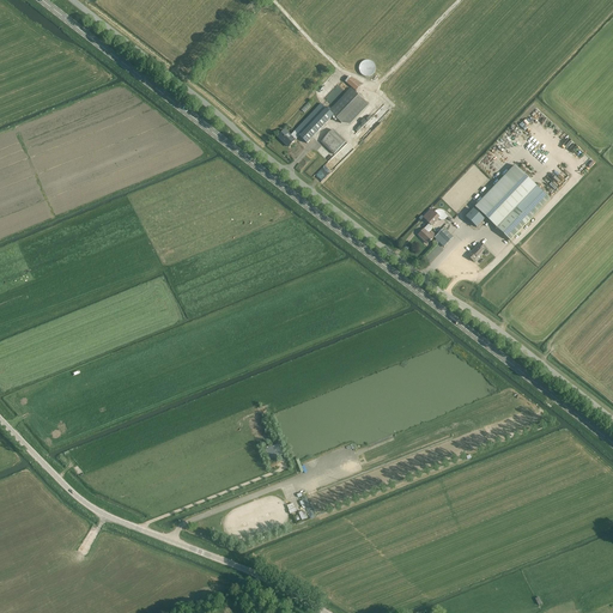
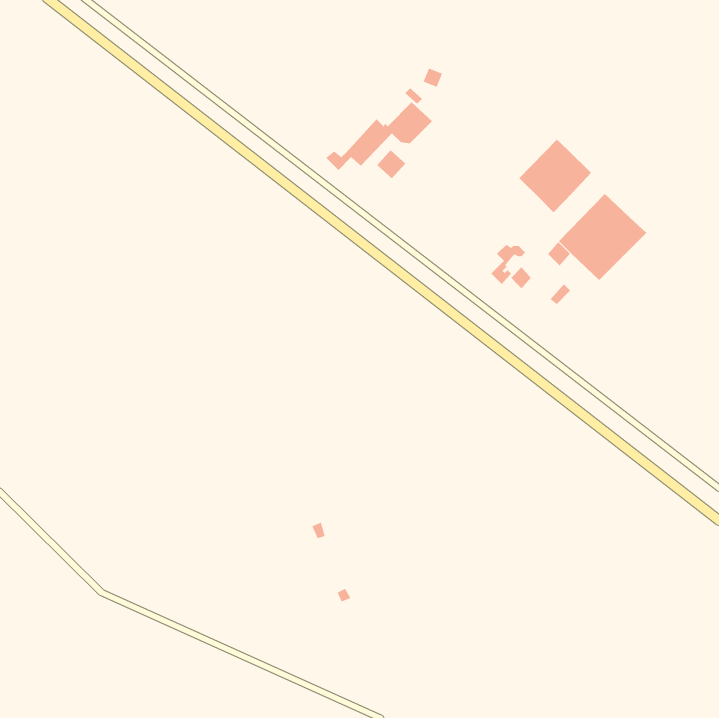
building: none -> [519,139,592,213]

